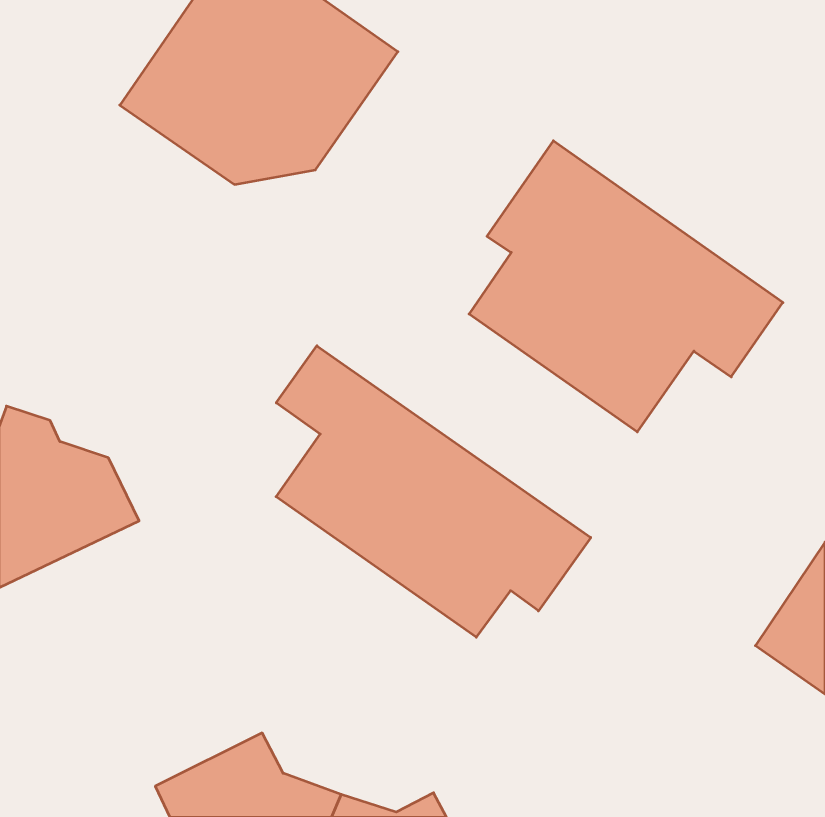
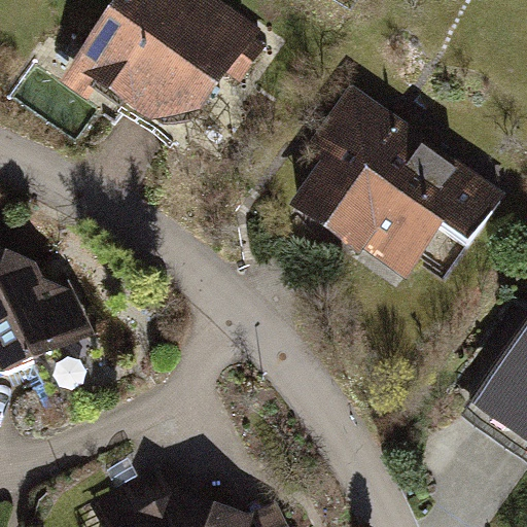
building: [276,346,591,637] -> none

